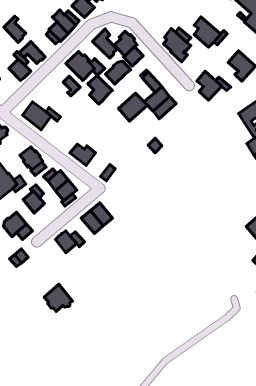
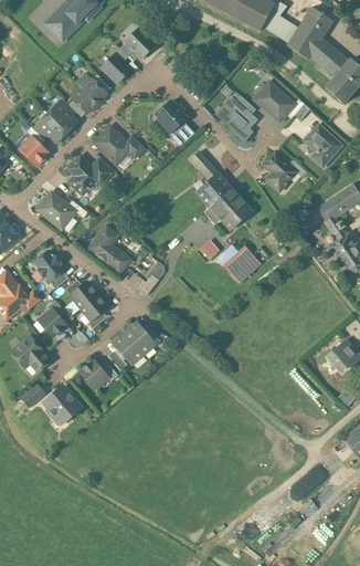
building: [4,16,26,43] -> [49,98,77,133]
building: [92,29,117,58] -> none
building: [105,61,131,84] -> none
building: [88,75,113,104] -> [68,156,100,193]
building: [118,93,147,121] -> [215,193,253,230]
building: none -> [87,223,119,258]
building: none -> [225,248,260,281]
building: [44,284,72,311] -> [44,385,81,420]

